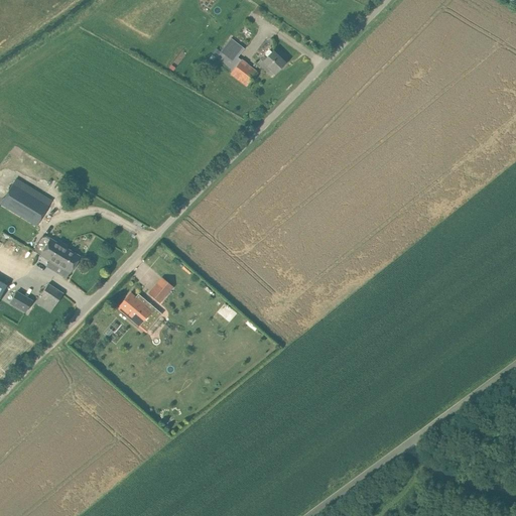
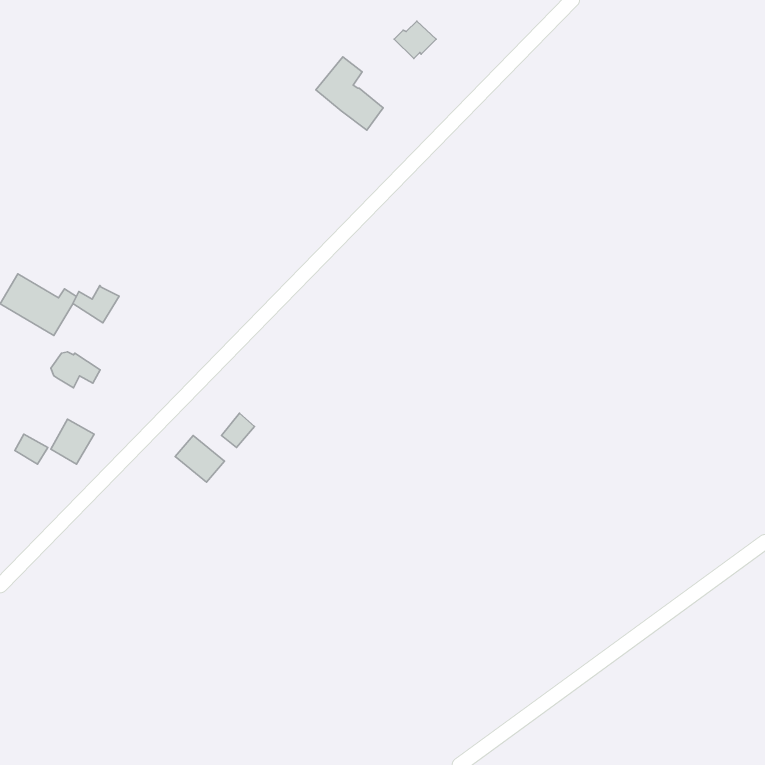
building: [257,51,285,77] -> [394,21,436,59]
building: [49,249,81,274] -> [73,286,119,323]

